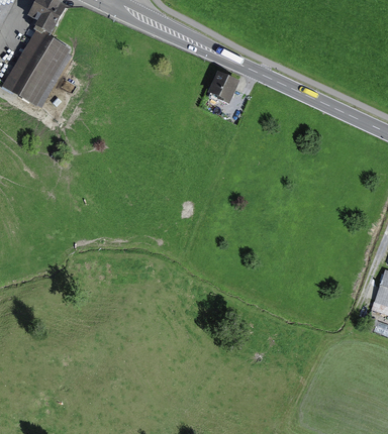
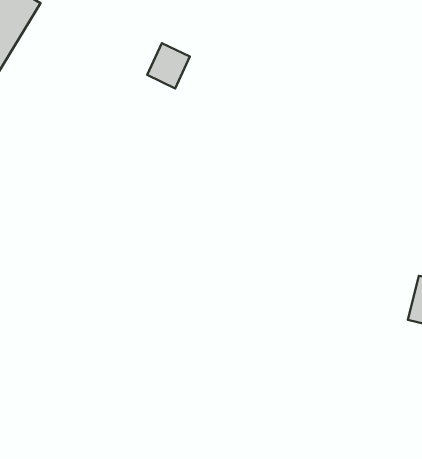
building: [207,71,243,108] -> [147,43,190,88]

